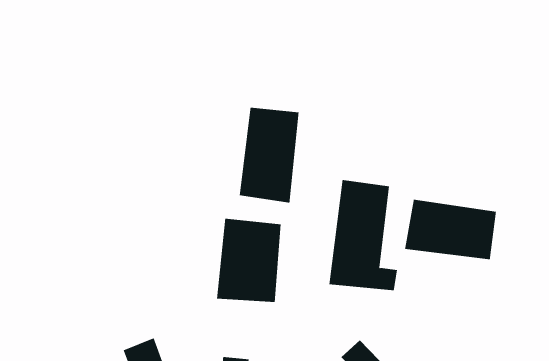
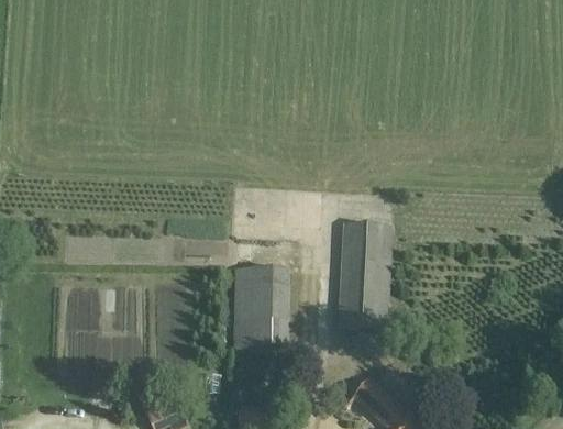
building: [239,107,299,204] -> none
building: [405,199,496,260] -> none

